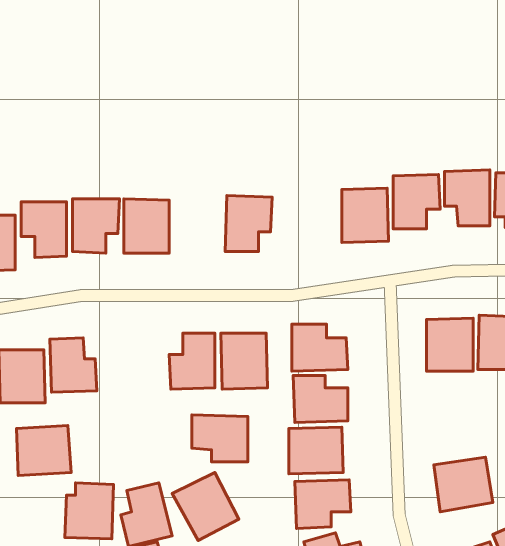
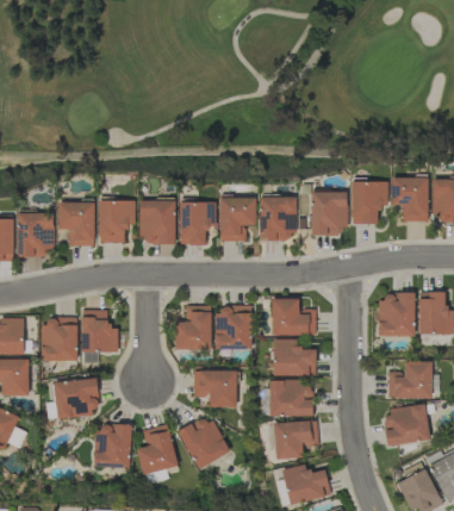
building: none -> [259,198,298,242]
building: none -> [179,202,216,245]
building: none -> [387,361,431,399]

